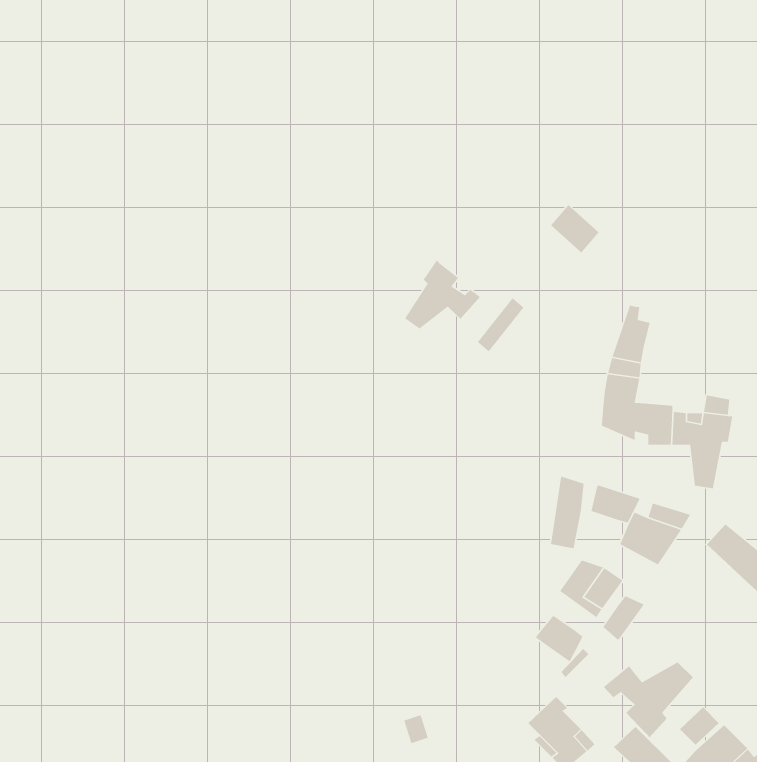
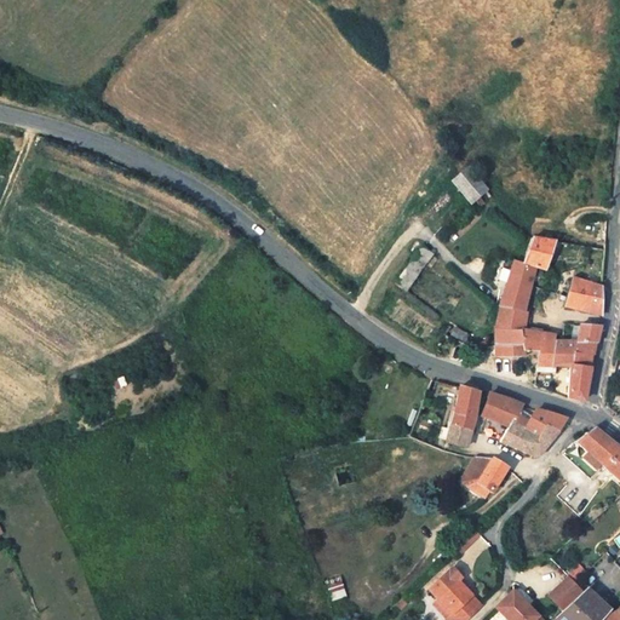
building: [404,260,481,330] -> none
building: none -> [523,235,549,266]
building: none -> [563,277,601,312]
building: [602,595,645,640] -> none
building: [535,615,584,662] -> none
building: [603,662,694,738] -> none

